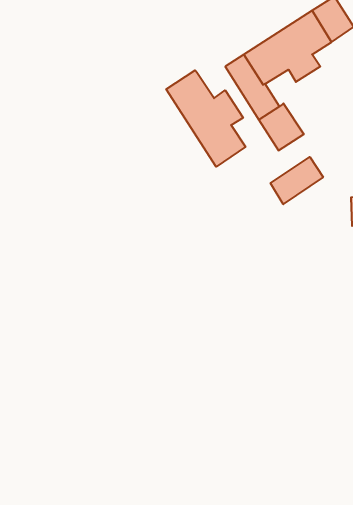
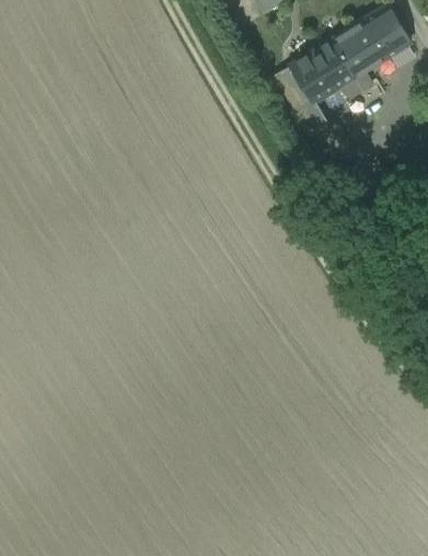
building: [166,70,245,167] -> none
building: [271,157,323,204] -> none

